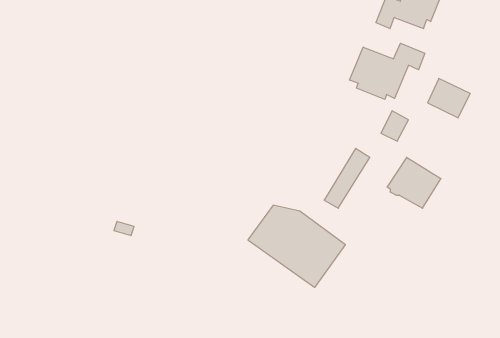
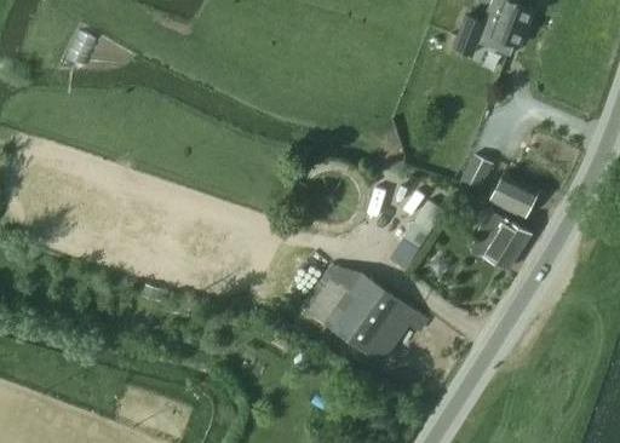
building: [349,43,425,99] -> none
building: [428,78,470,118] -> [488,173,539,220]

